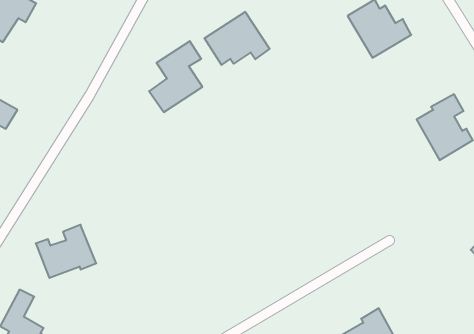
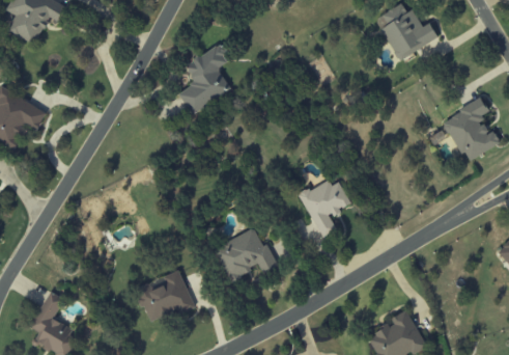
building: [204,12,270,65] -> none
building: none -> [299,179,350,238]
building: [36,225,96,278] -> [135,269,195,322]
building: none -> [213,228,278,281]

